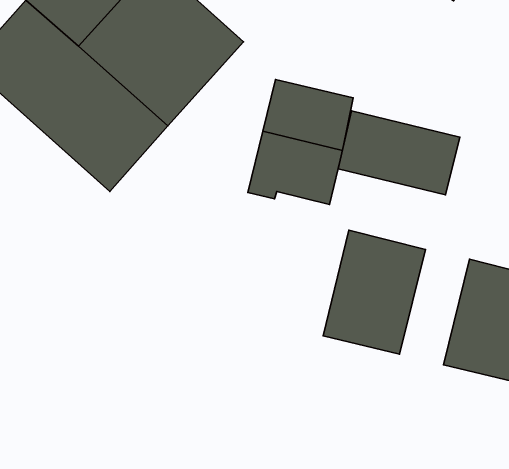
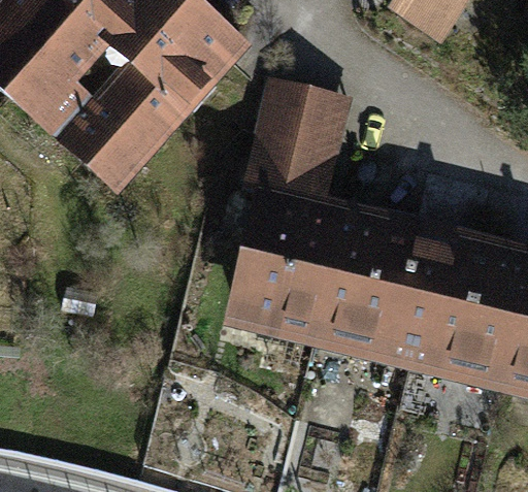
building: [338,111,460,195] -> none
building: none -> [245,216,343,334]
building: none -> [392,236,462,362]

